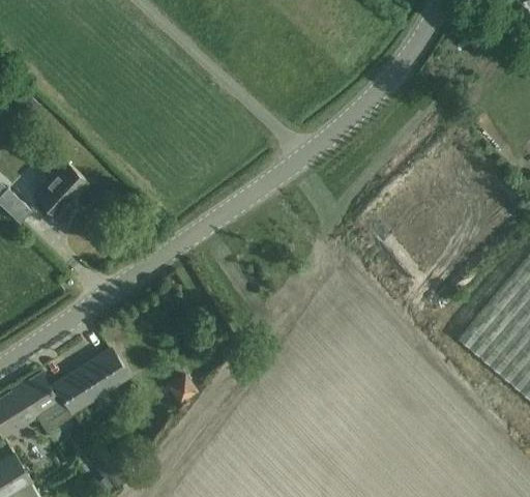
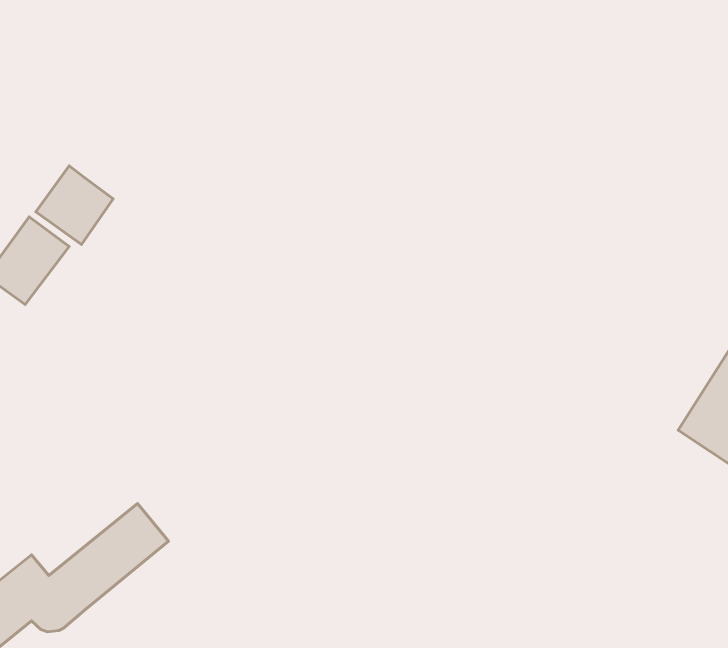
building: none -> [36,166,113,245]

